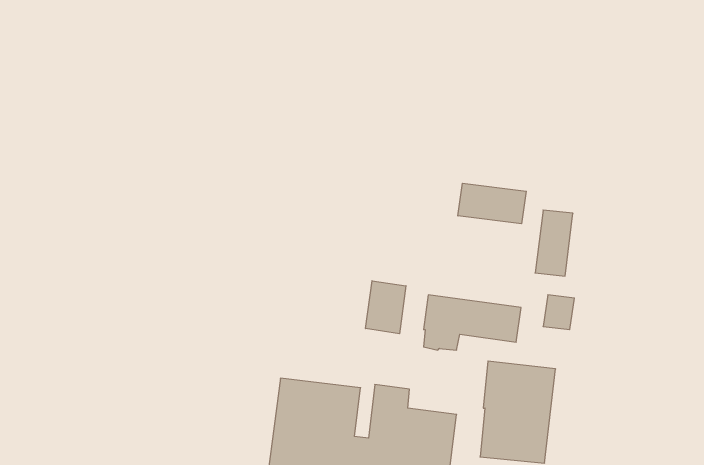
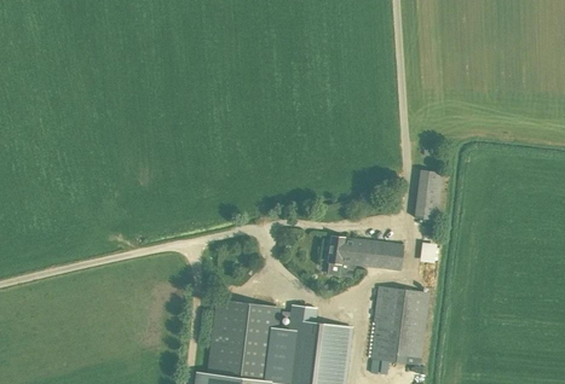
building: [458,183,526,224] -> none
building: [366,281,406,334] -> none

